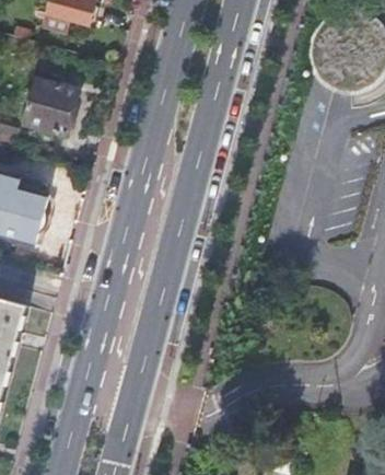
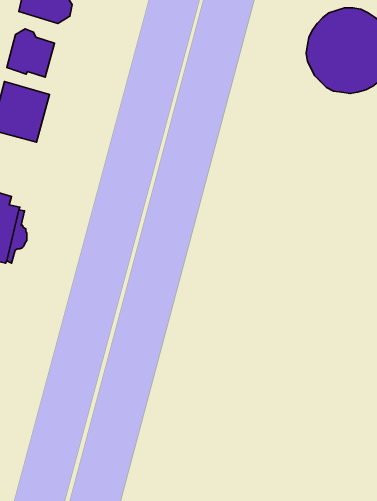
building: none -> [7,29,54,77]

